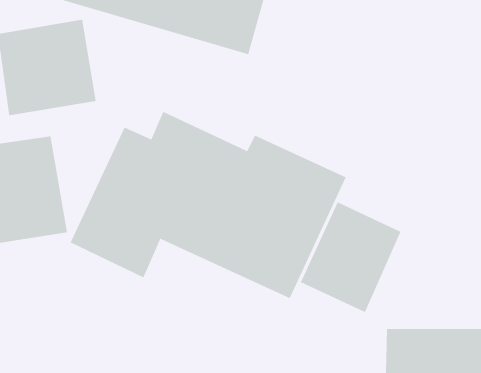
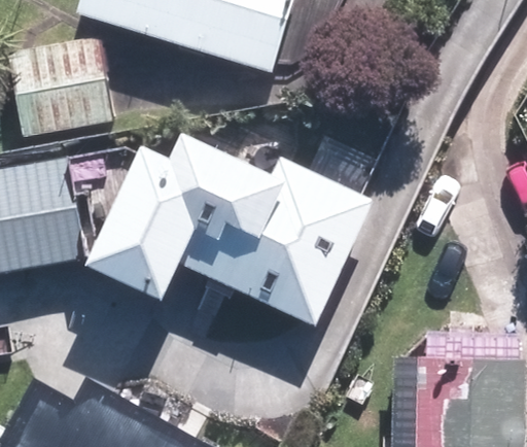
building: [300,202,401,313] -> none

